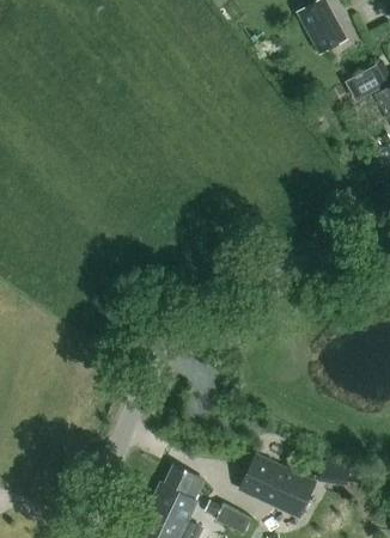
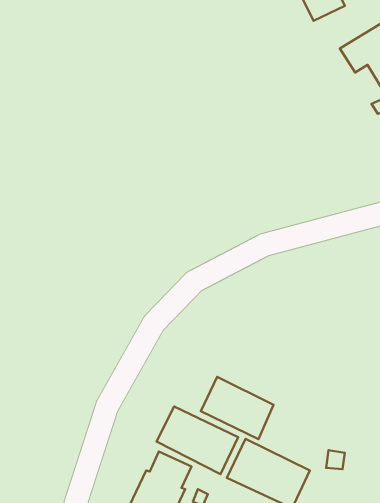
building: none -> [201,377,273,439]
building: none -> [156,406,238,474]

